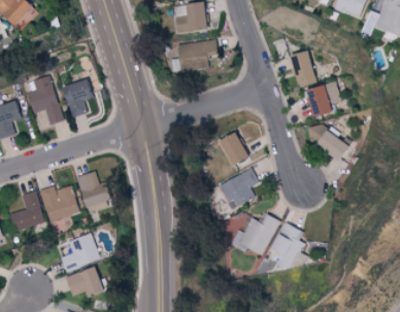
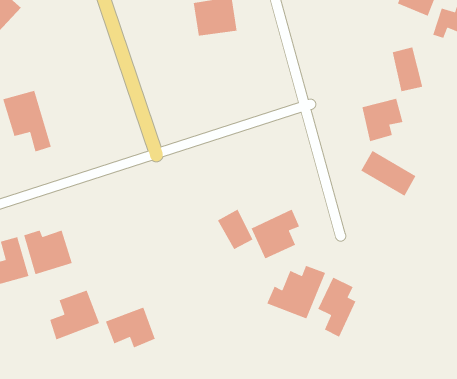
building: [177,39,216,71] -> none
building: [291,50,315,86] -> [392,47,423,92]
building: [62,79,93,117] -> none
building: [220,132,248,165] -> [217,209,253,250]
building: [77,171,112,211] -> none
building: [64,266,104,299] -> [105,307,156,348]

